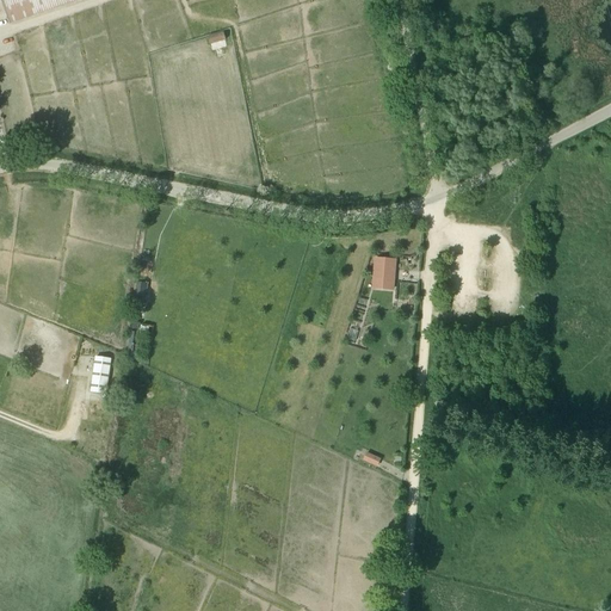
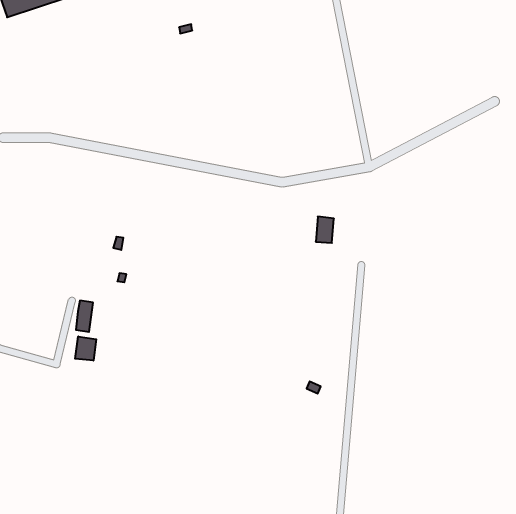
building: none -> [75,336,96,361]

